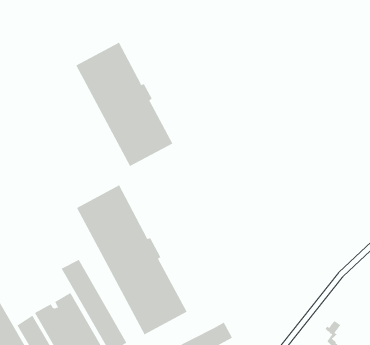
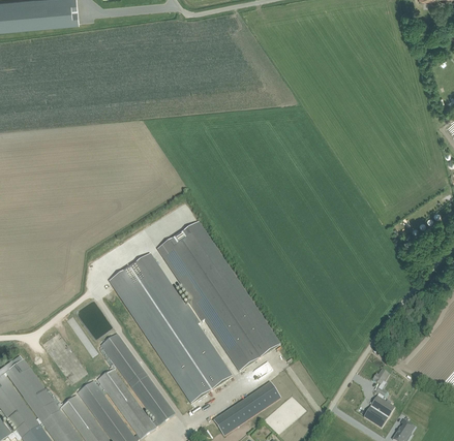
building: [75,42,173,167] -> none
building: none -> [158,222,280,372]

